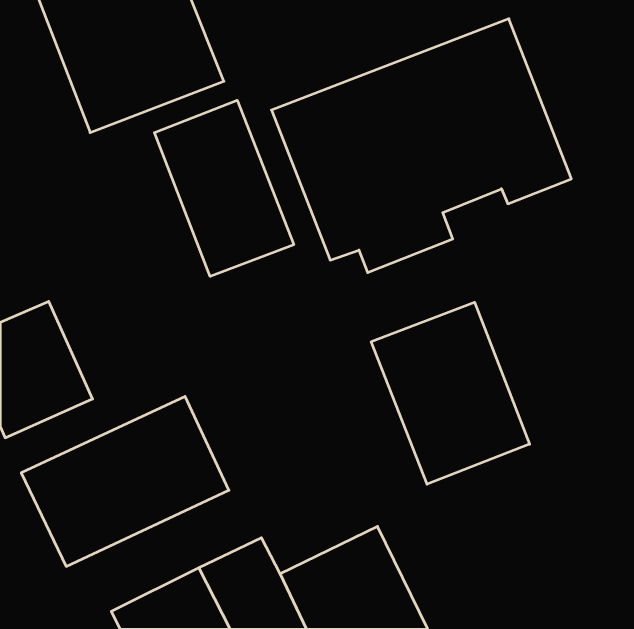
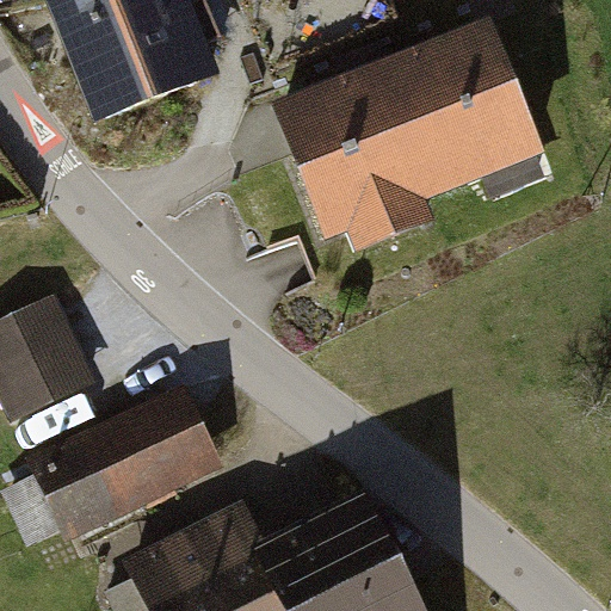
building: [154,100,294,276] -> none
building: [371,302,530,484] -> none

